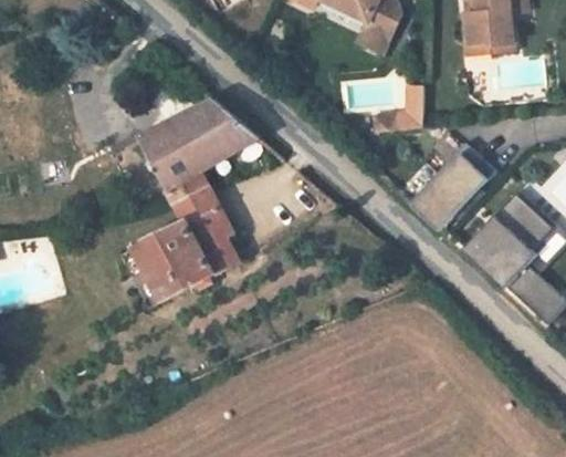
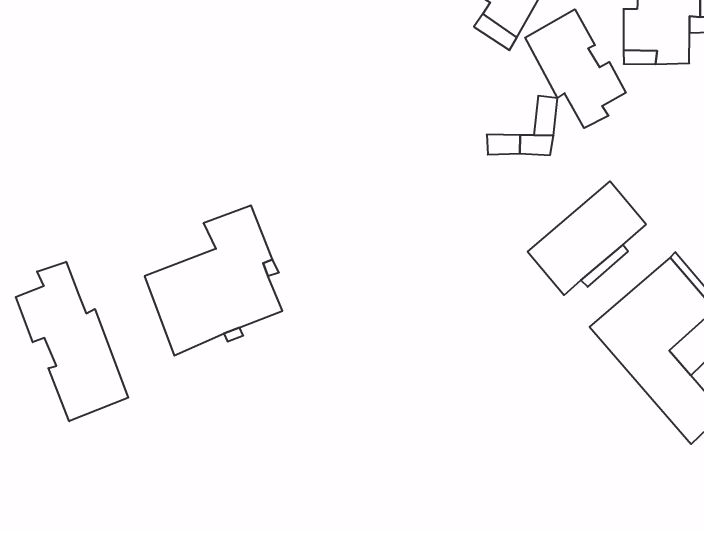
building: none -> [525,9,626,128]
building: [139,100,258,204] -> none
building: none -> [16,262,128,421]

